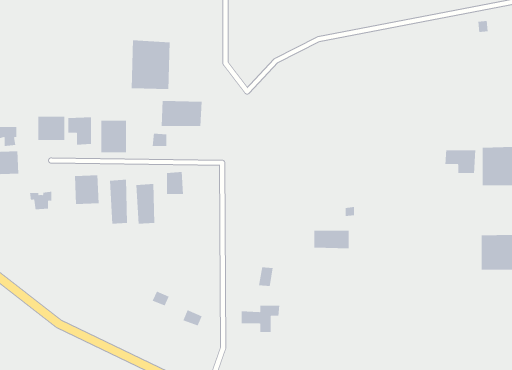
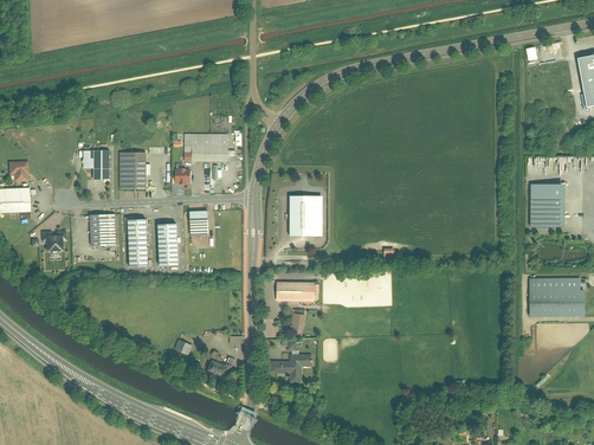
building: [131,39,170,90] -> none
building: [38,116,65,141] -> none
building: [445,149,476,174] -> none
building: none -> [290,195,322,236]
building: [313,230,350,249] -> [275,280,314,301]

